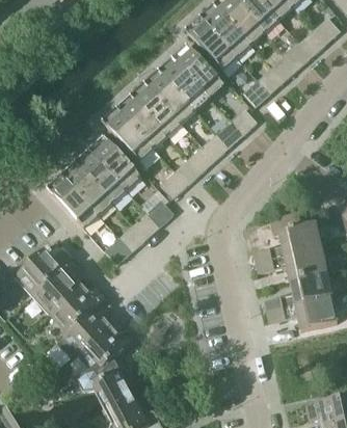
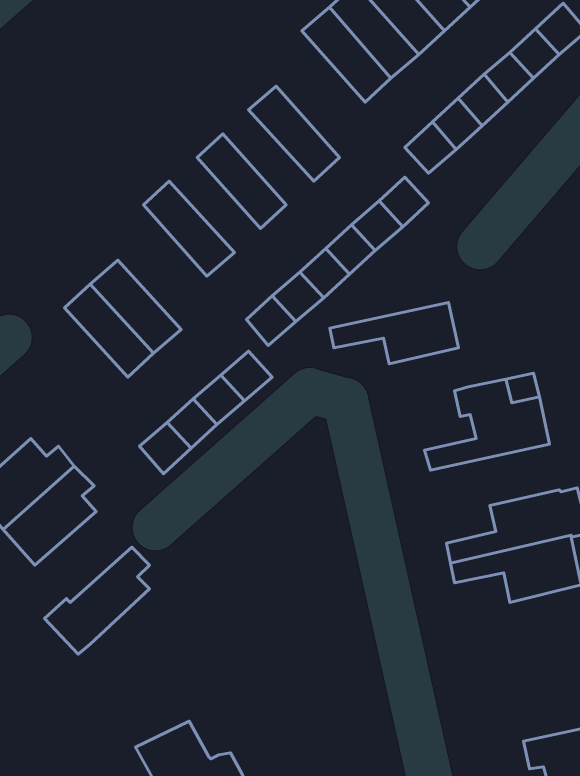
building: [177,47,224,97] -> none
building: [149,72,196,122] -> none
building: [121,97,168,146] -> none
building: [94,137,141,187] -> none
building: [51,176,99,225] -> none
building: [258,247,325,279] -> [330,302,459,364]
building: [50,283,106,330] -> none
building: [78,323,134,406] -> none

